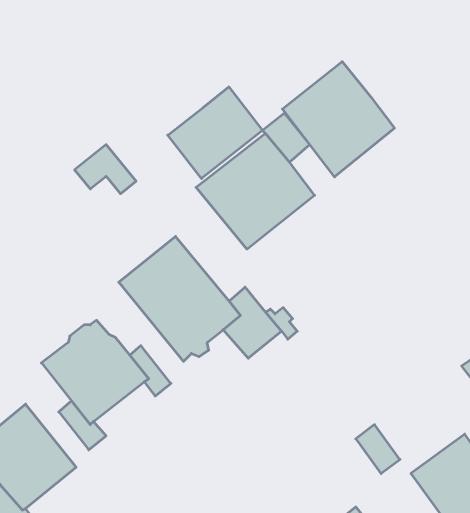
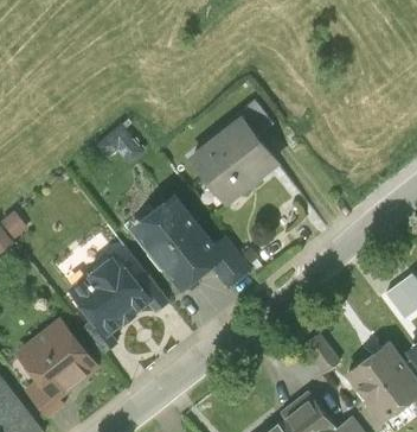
building: [282,62,394,177] -> none
building: [168,87,263,179] -> none

